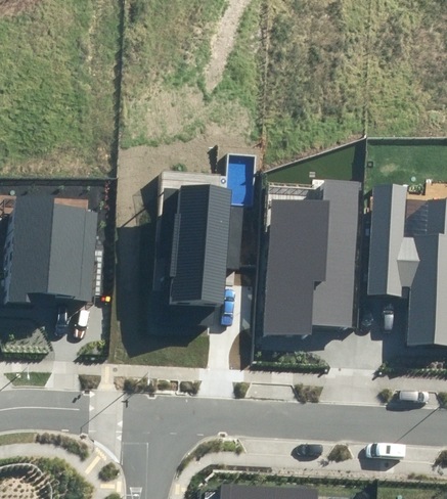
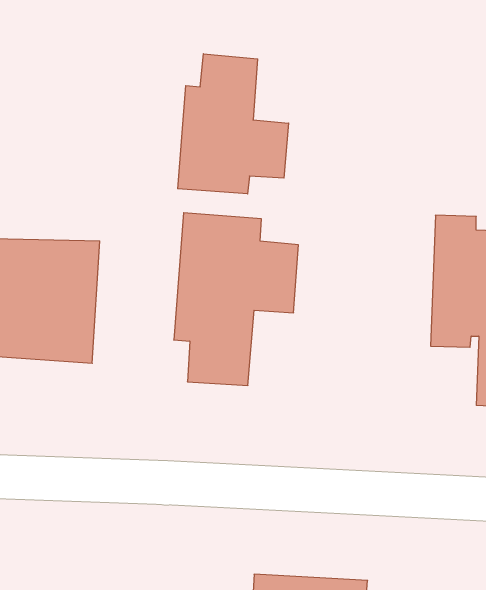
building: none -> [178,54,289,194]
building: [262,179,362,337] -> none

